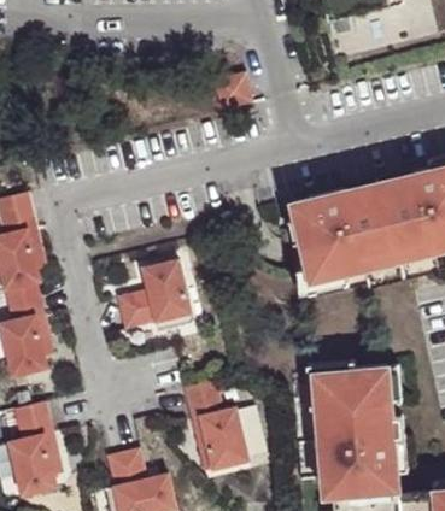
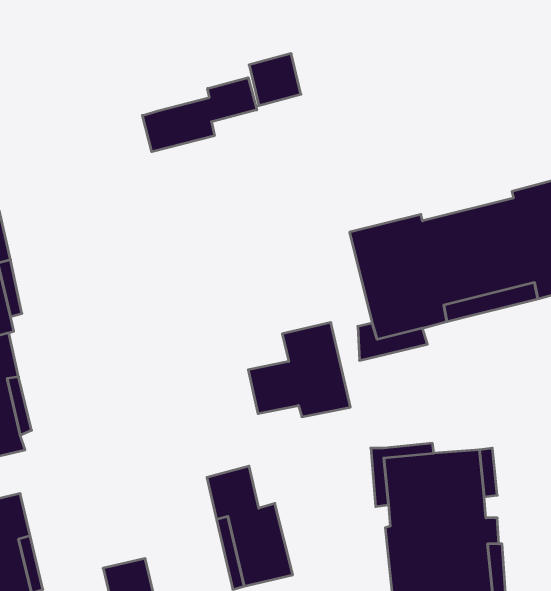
building: none -> [142,78,257,152]
building: [117,259,193,329] -> [248,323,350,417]

